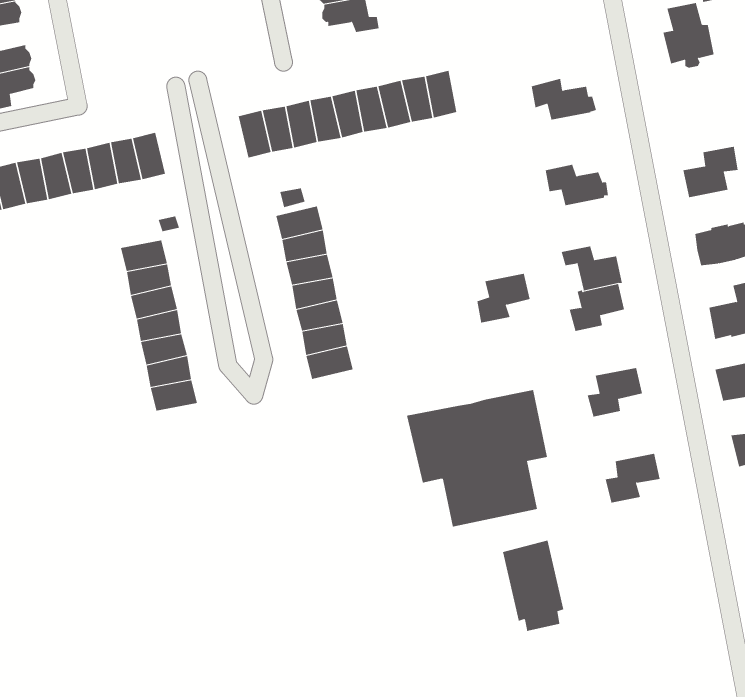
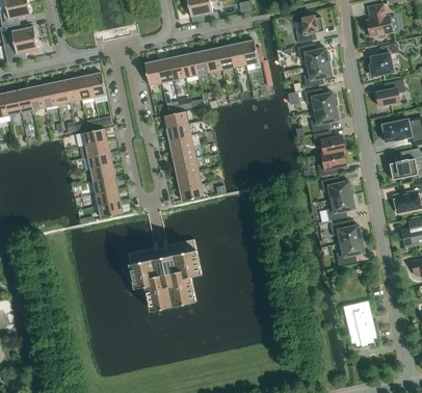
building: none -> [295,16,323,43]
building: none -> [367,43,398,76]
building: none -> [302,61,331,87]
building: [477,273,530,323] -> [310,106,338,132]
building: none -> [320,177,353,199]
building: [406,389,548,527] -> [127,239,201,311]
building: none -> [329,221,363,243]
building: [502,540,564,632] -> [343,300,375,348]

